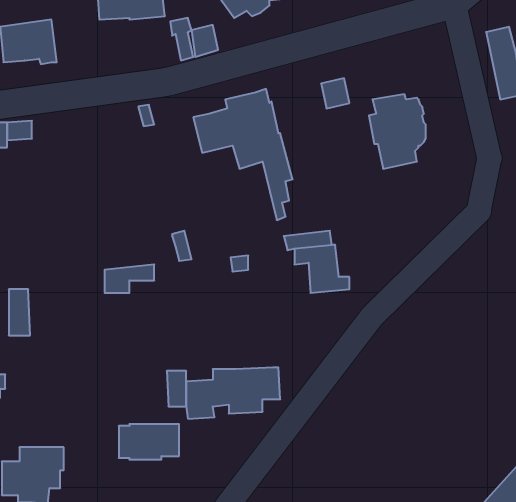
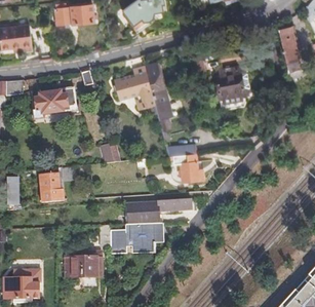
building: none -> [35,83,79,120]
building: none -> [39,172,63,202]
building: none -> [126,200,191,225]

